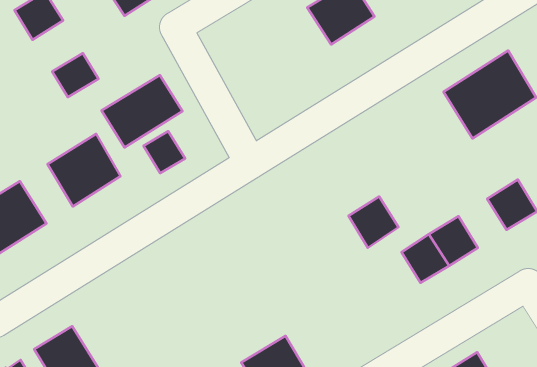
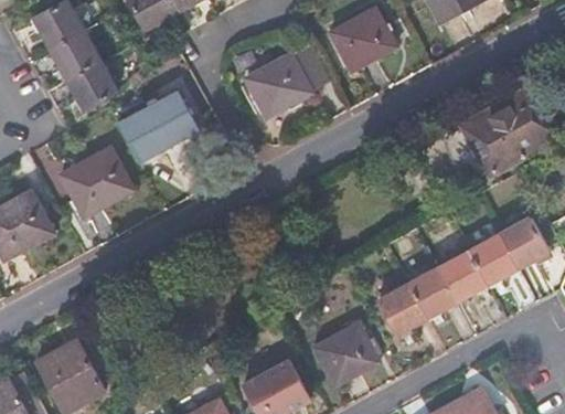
building: none -> [52,31,102,82]
building: none -> [244,44,329,118]
building: [143,131,185,173] -> none
building: [348,197,398,248] -> [379,284,428,335]
building: none -> [470,235,518,284]
building: none -> [313,323,380,386]

